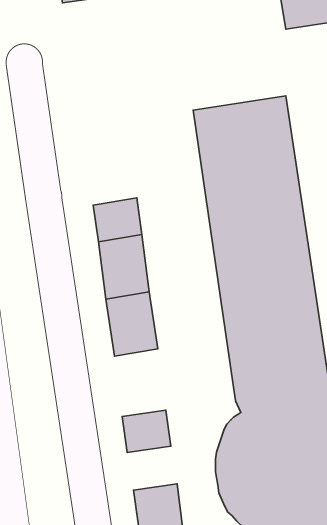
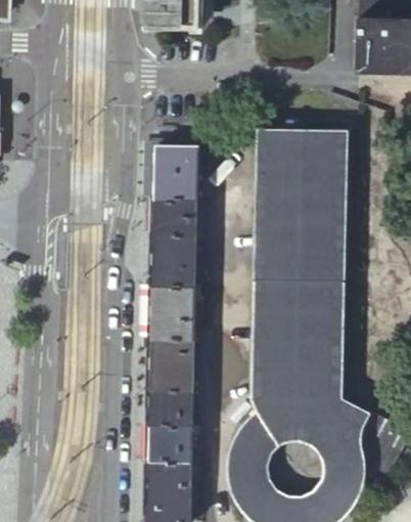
building: none -> [156,146,198,200]
building: none -> [150,338,192,394]
building: none -> [149,426,189,462]

